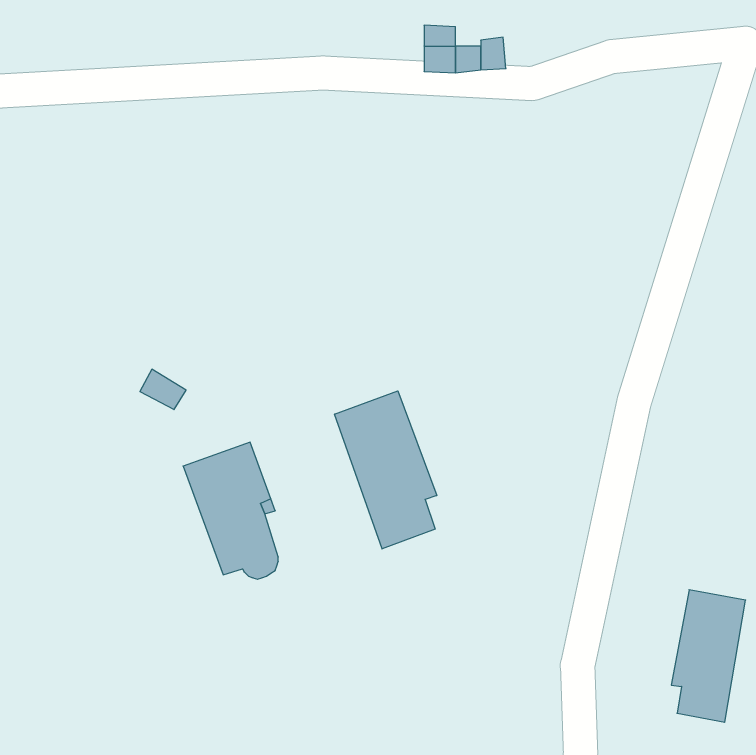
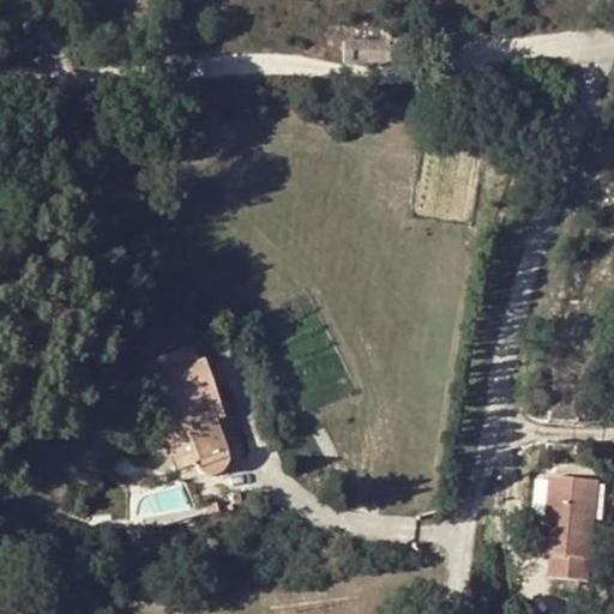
building: [335,391,437,549] -> none

